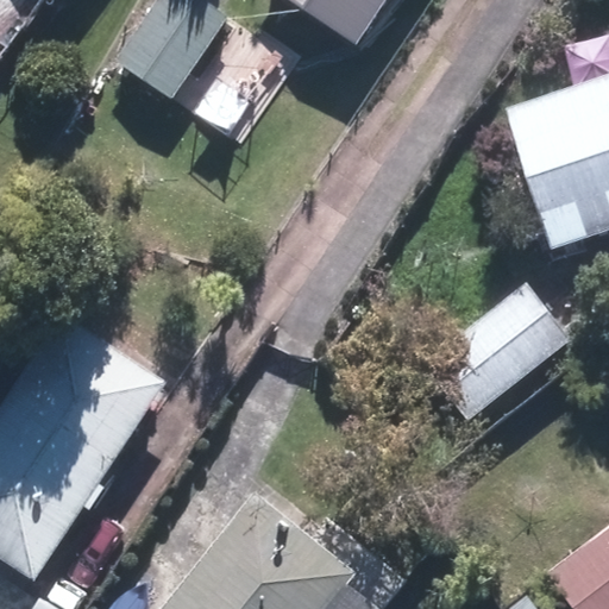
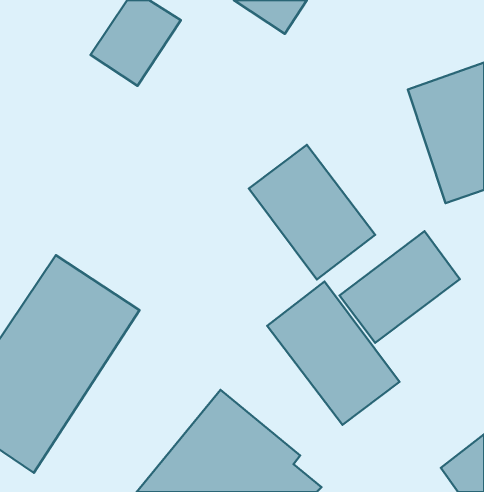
building: none -> [249,145,375,280]
building: none -> [267,282,400,425]

